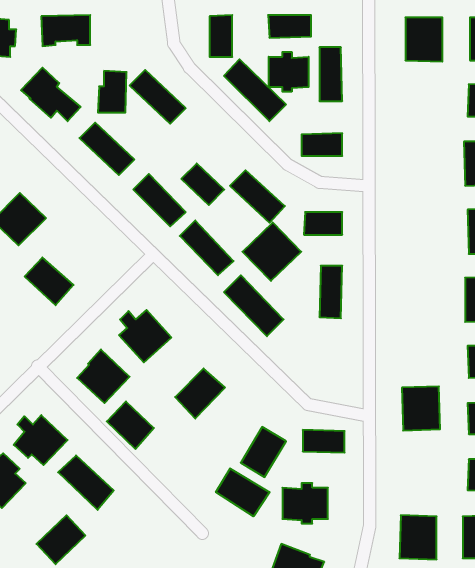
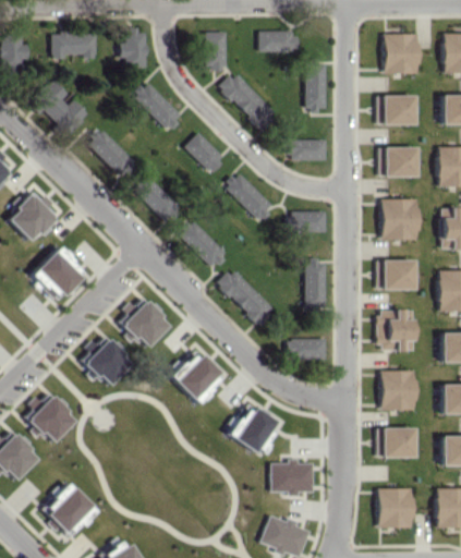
building: [269,52,309,92] -> none
building: [98,71,127,113] -> [121,29,147,68]
building: none -> [377,96,413,125]
building: none -> [379,147,415,178]
building: [181,163,224,205] -> [184,133,223,171]
building: none -> [381,199,418,240]
building: [242,222,301,281] -> none
building: none -> [377,260,414,290]
building: none -> [378,311,414,351]
building: [107,401,154,449] -> none
building: [303,430,345,453] -> [288,339,326,360]
building: none -> [377,428,414,458]
building: [58,455,114,510] -> none
building: [216,468,270,516] -> none

